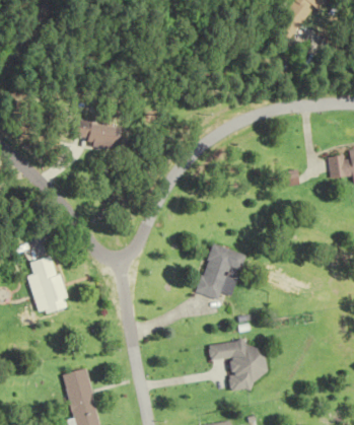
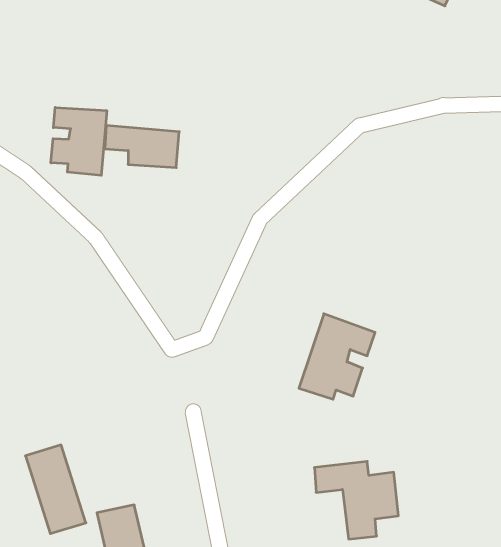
building: none -> [51,107,107,175]
building: [29,255,69,312] -> [25,445,86,534]

